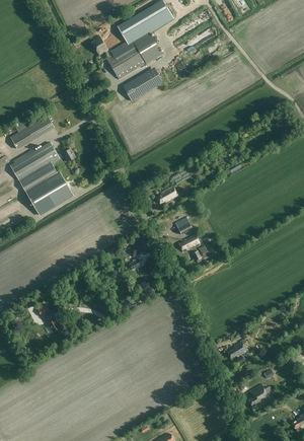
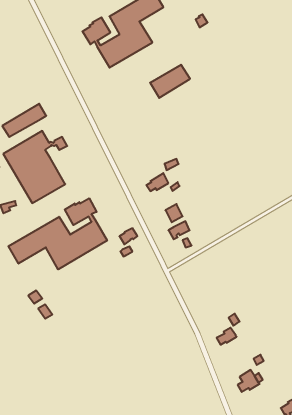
building: [122,68,162,101] -> [150,65,190,98]
building: none -> [8,198,107,269]

